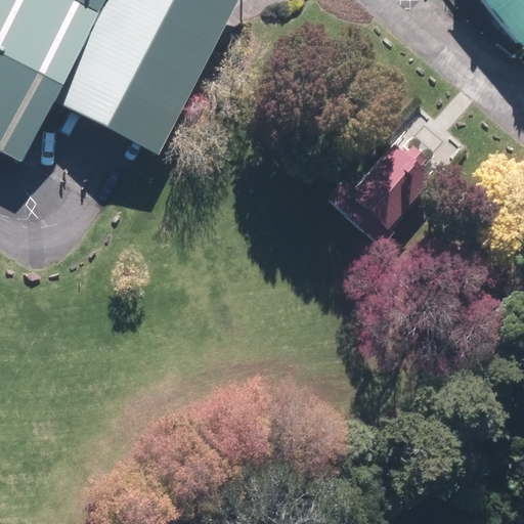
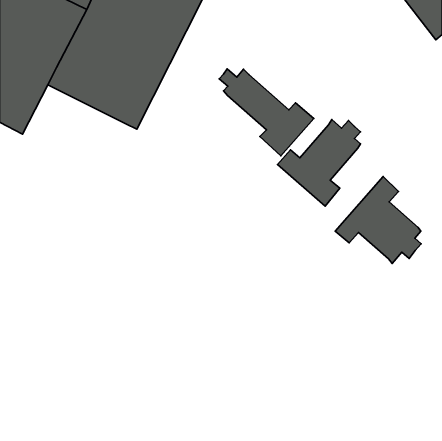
building: none -> [219,69,314,156]
building: none -> [335,177,421,263]

